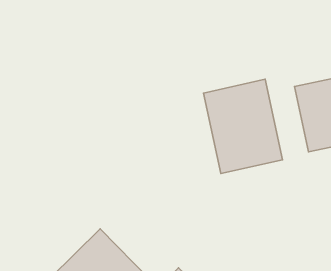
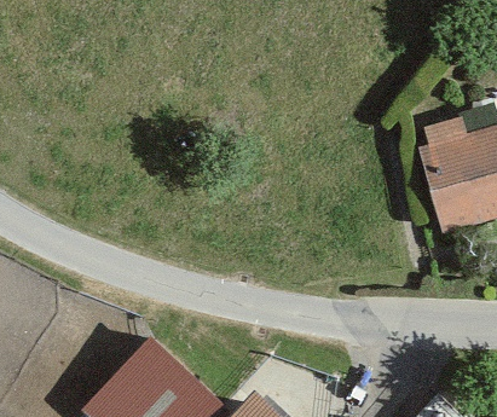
building: [204,79,283,174] -> none

